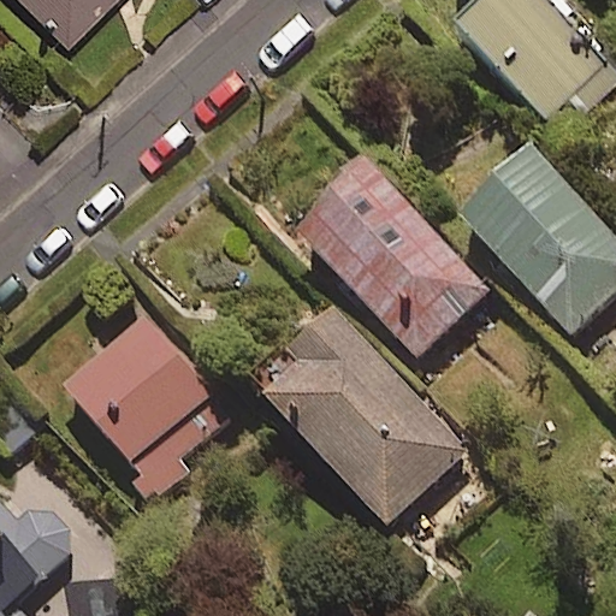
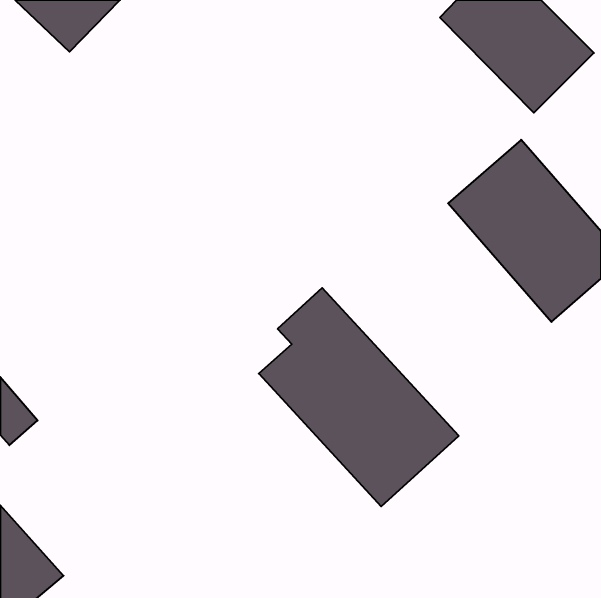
building: [290,155,487,356] -> none
building: [65,315,235,491] -> none

